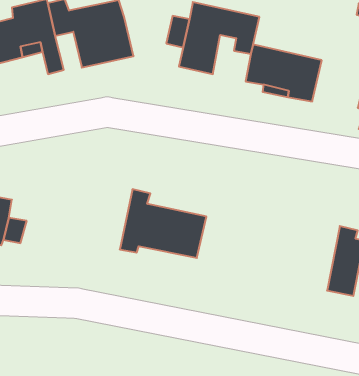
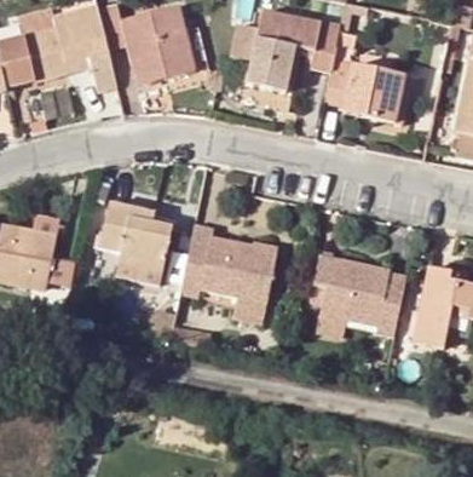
building: none -> [100,201,173,283]
building: none -> [316,257,406,333]

